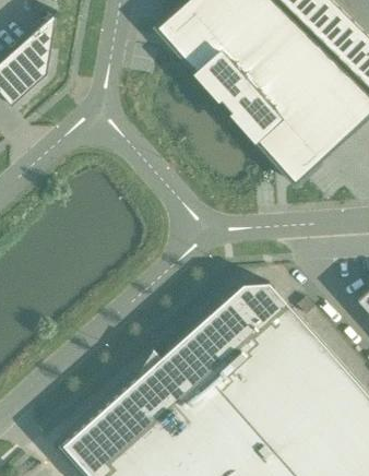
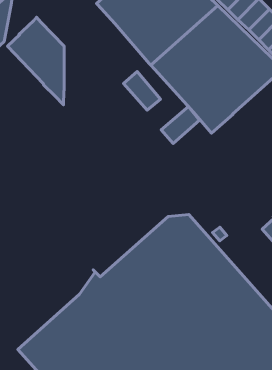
building: none -> [7,17,64,105]
building: none -> [124,72,161,110]
building: none -> [161,107,199,143]

